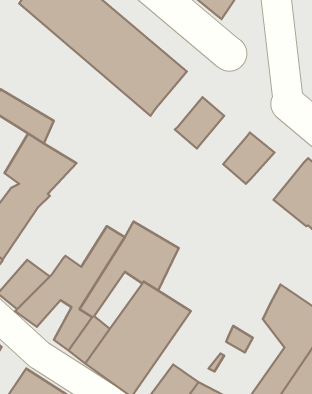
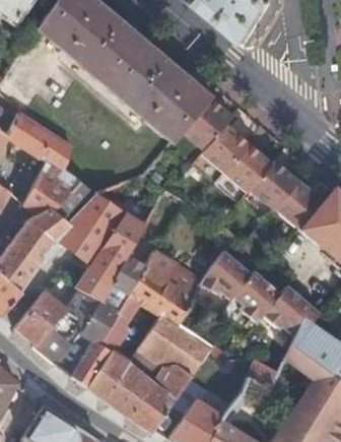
building: none -> [179,99,232,155]
building: none -> [220,144,272,198]
building: none -> [276,182,331,231]
building: none -> [57,193,148,300]
building: none -> [200,250,320,337]

